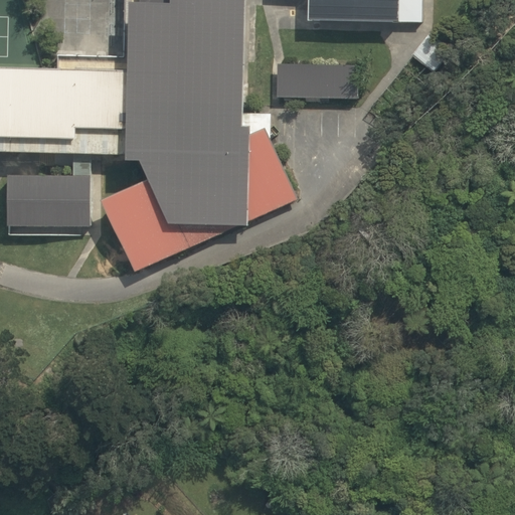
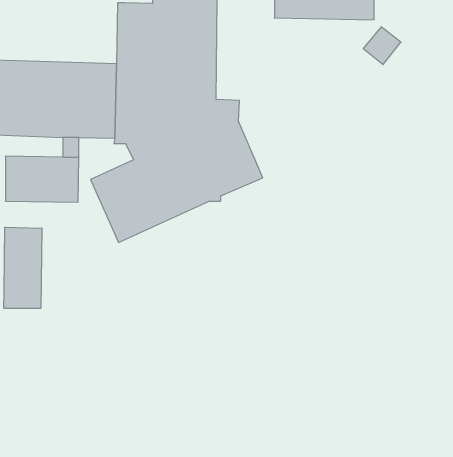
building: [274,61,356,98] -> none
building: none -> [4,227,42,308]

